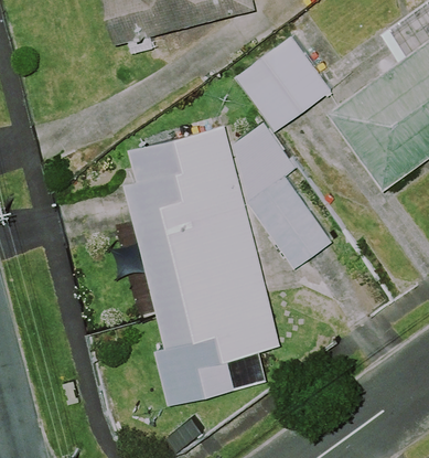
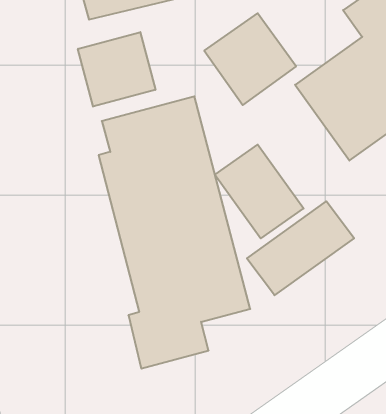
building: none -> [78,32,155,107]
building: none -> [247,201,354,295]

